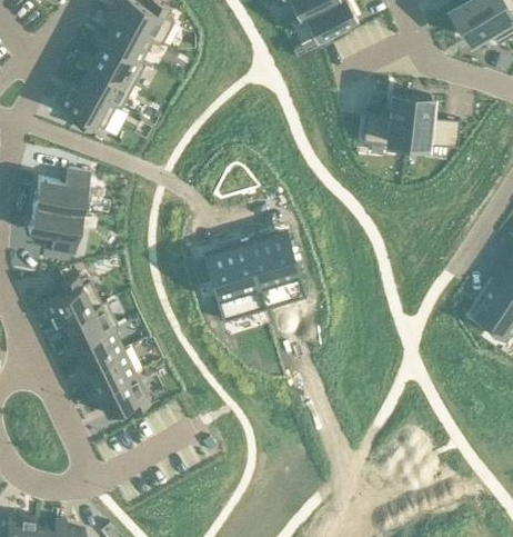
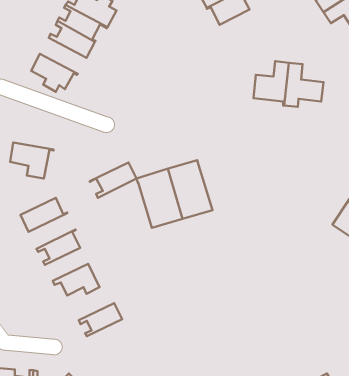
building: [68,60,132,110] -> none
building: [31,169,92,215] -> none
building: [52,302,117,351] -> [90,163,137,198]
building: [74,350,134,396] -> [79,303,122,336]

